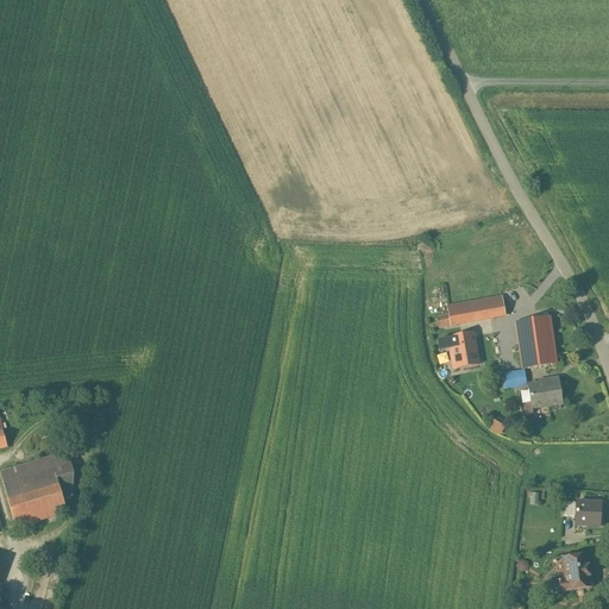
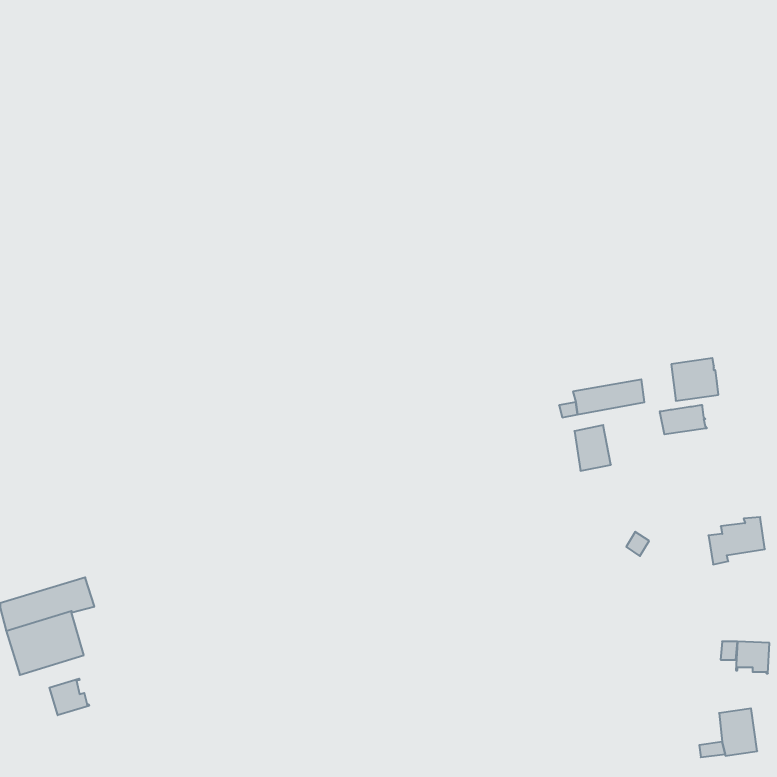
building: [520,334,557,368] -> [671,358,718,401]
building: [519,377,563,414] -> [708,517,765,564]
building: none -> [49,679,89,715]

